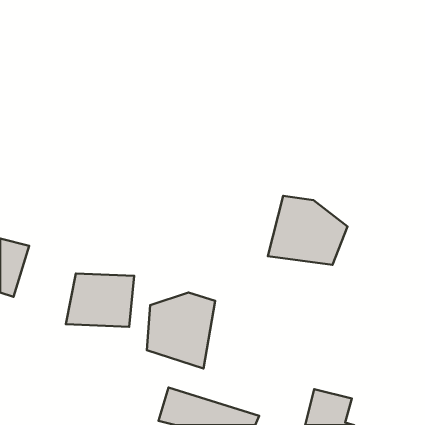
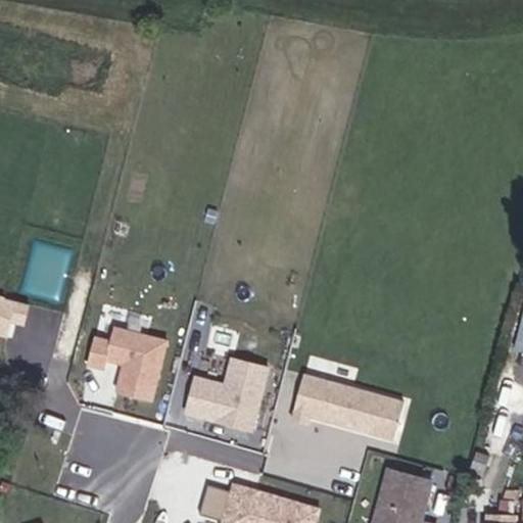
building: [268,196,347,265] -> none
building: none -> [294,373,406,439]

